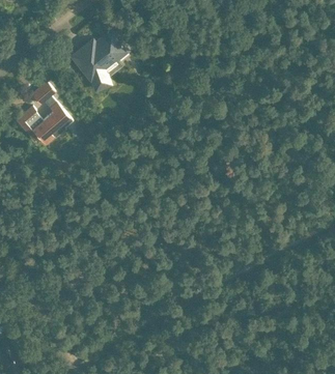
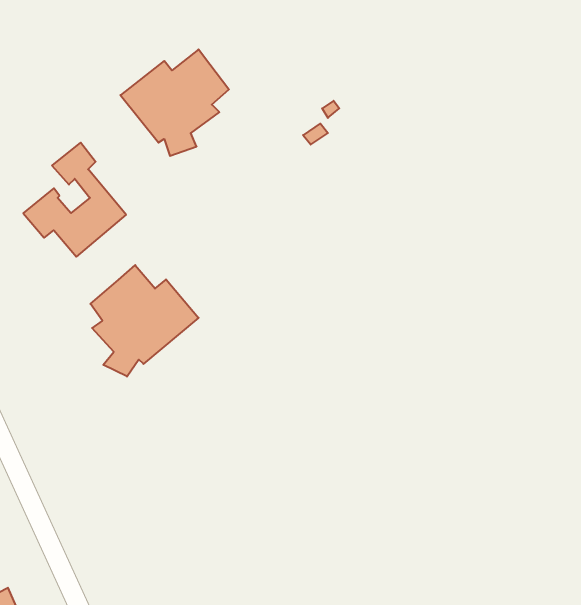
building: none -> [90,265,199,377]

